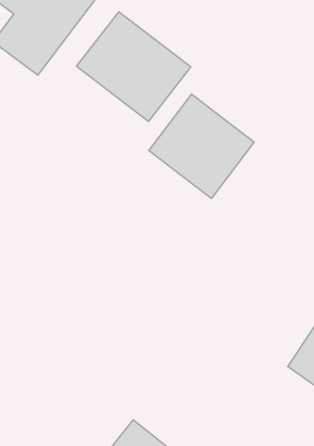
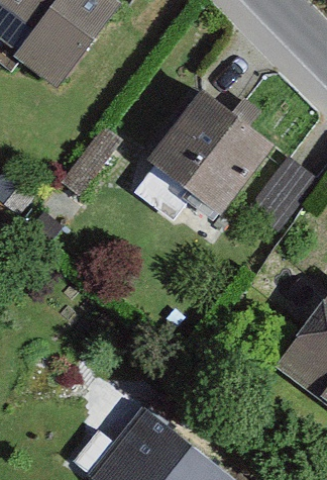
building: [76,12,191,121] -> none

